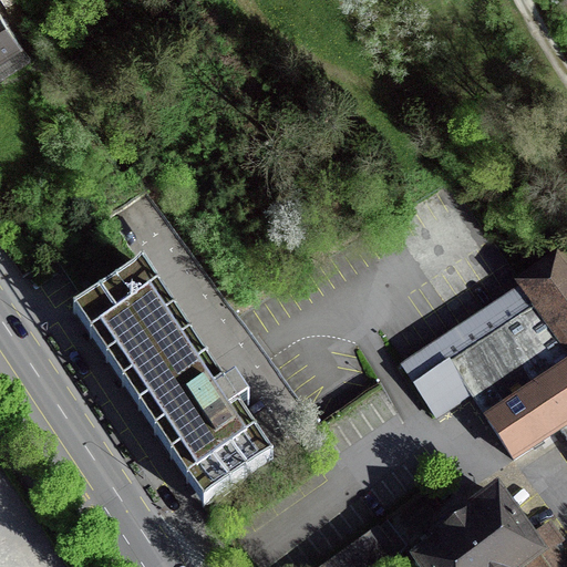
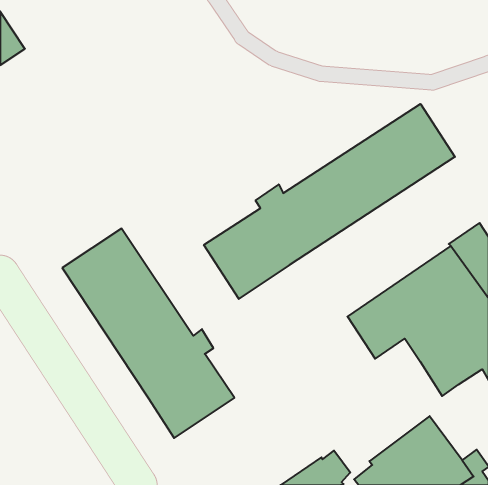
building: none -> [204,104,455,299]

